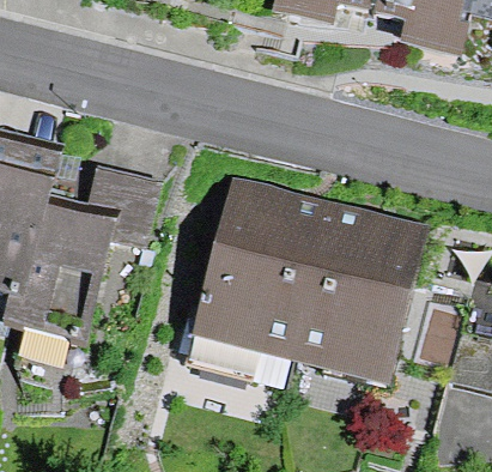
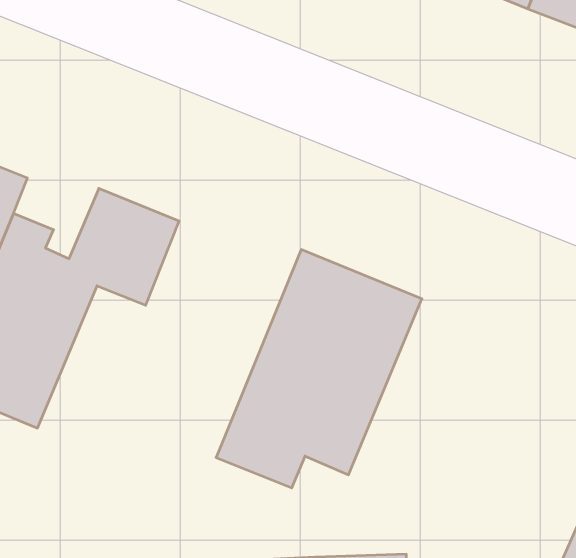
building: [299,218,418,365] -> none

